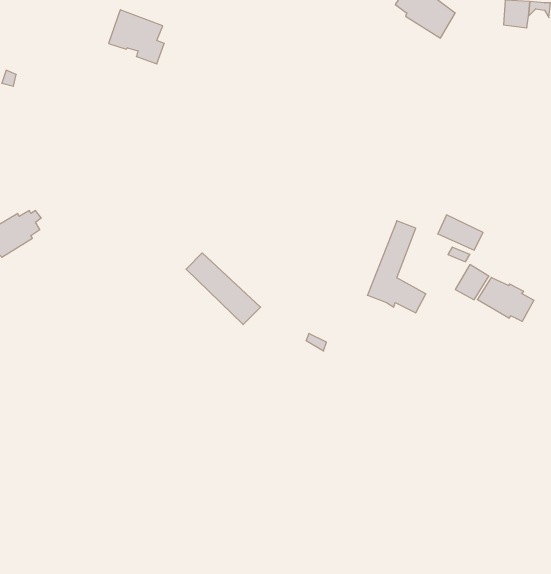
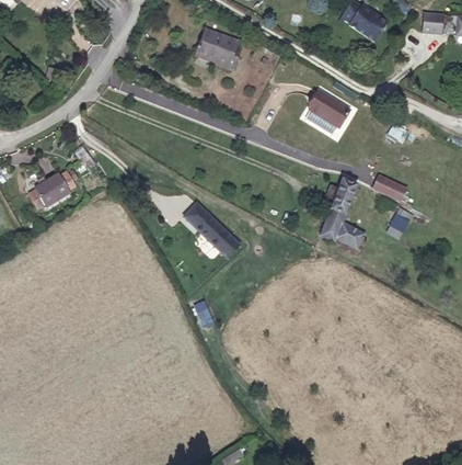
building: [109,10,164,64] -> [195,29,236,69]
building: none -> [309,91,349,127]
building: [477,277,534,321] -> none

